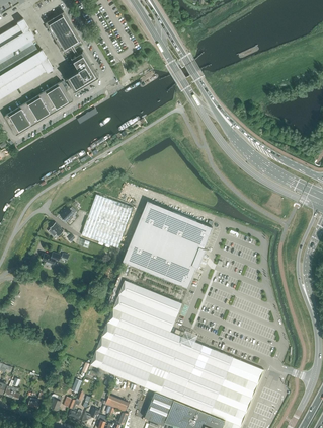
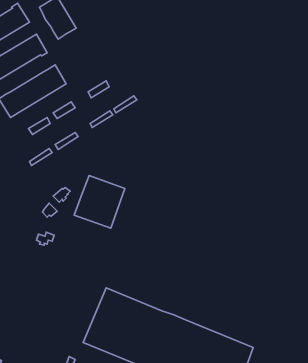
building: [65,50,98,91] -> none
building: [122,200,212,288] -> none
building: [112,279,182,331] -> none

